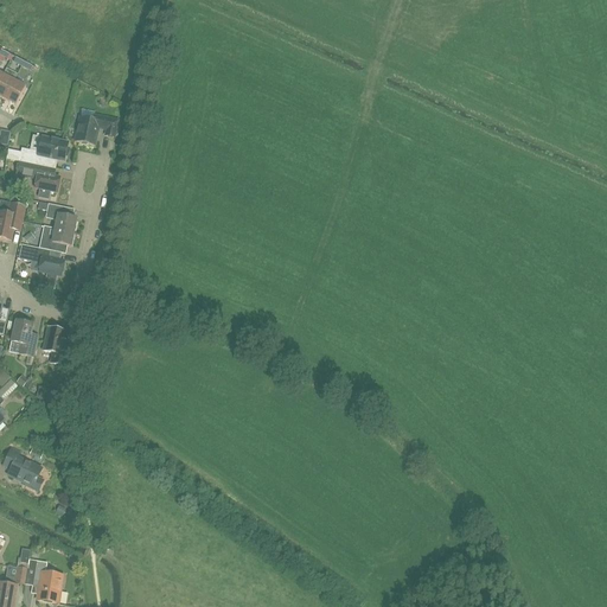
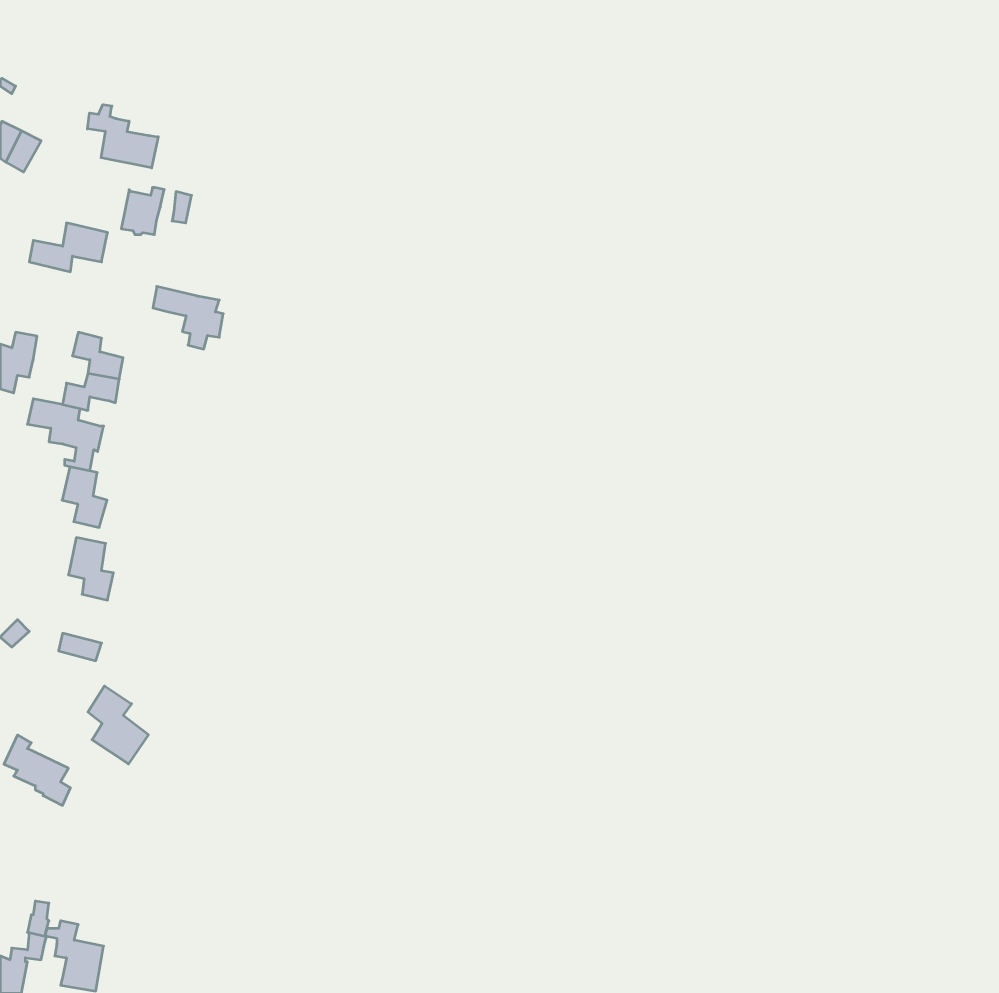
building: none -> [87,105,158,168]
building: [15,159,58,197] -> [153,286,223,349]
building: [9,319,37,356] -> [62,467,107,527]
building: none -> [88,686,148,764]

